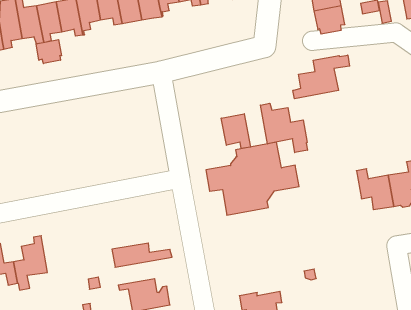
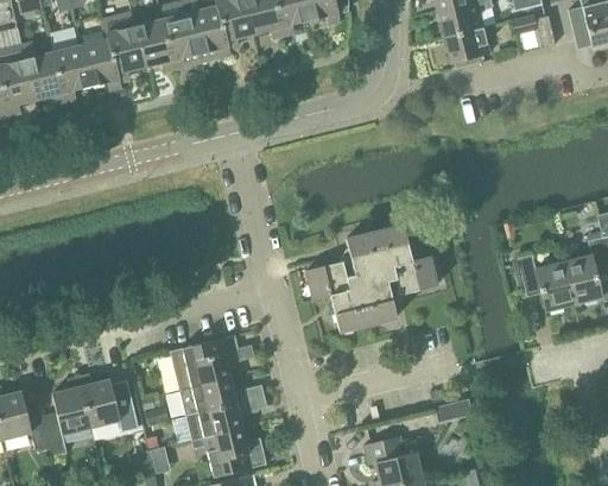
building: [36,40,61,64] -> none
building: [293,55,350,99] -> none
building: [260,103,307,153] -> none
building: [221,114,251,148] -> none
building: none -> [170,335,254,390]
building: none -> [78,373,120,428]
building: none -> [185,396,267,440]

